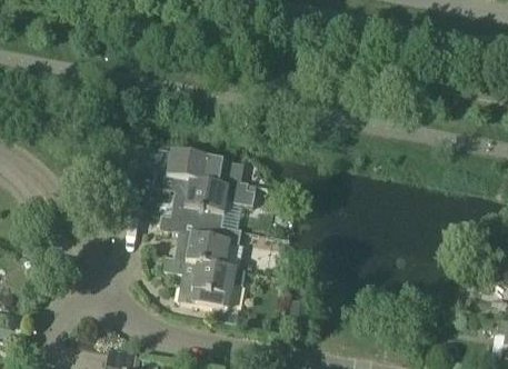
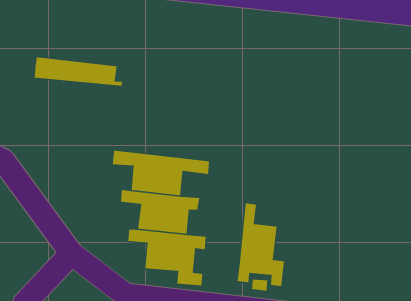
building: [155,152,248,191] -> [34,57,123,87]
building: none -> [237,203,285,287]

